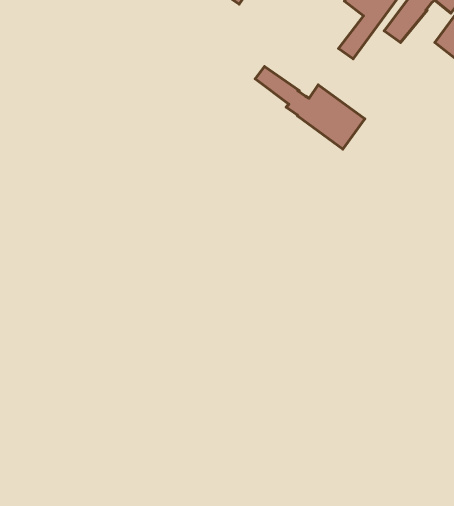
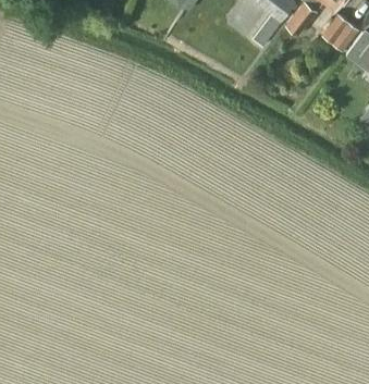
building: [255,67,365,149] -> none

